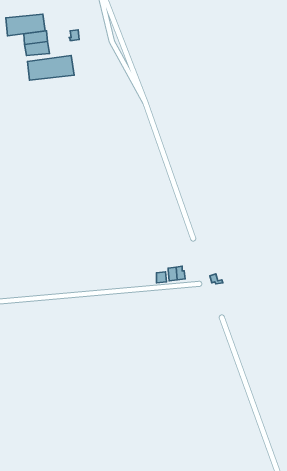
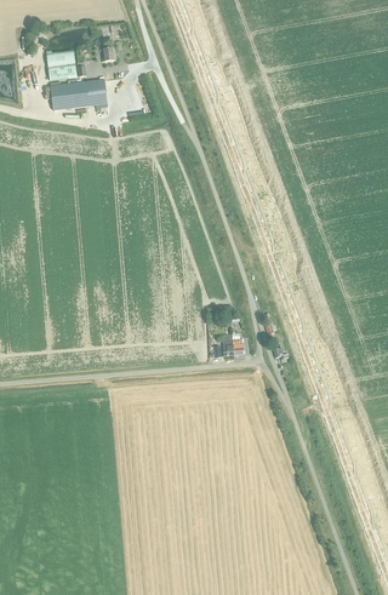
building: [6,14,45,36] -> none

